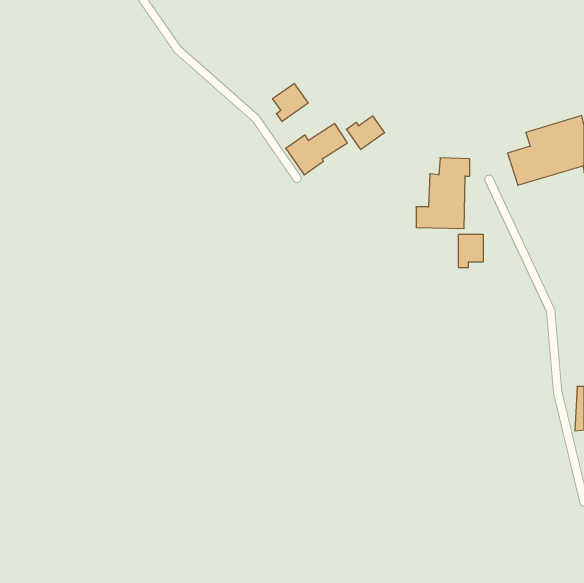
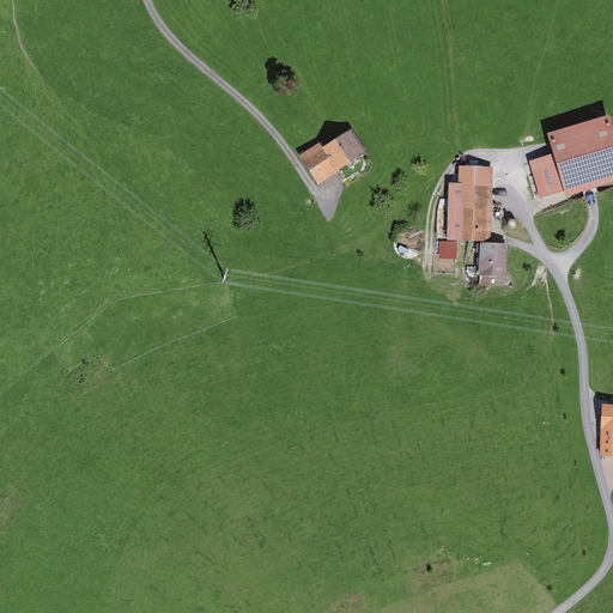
building: [273,83,308,122] -> none
building: [346,116,385,150] -> none

